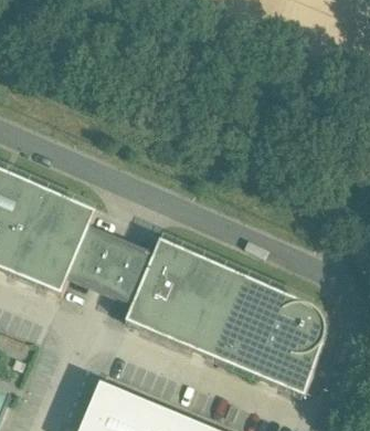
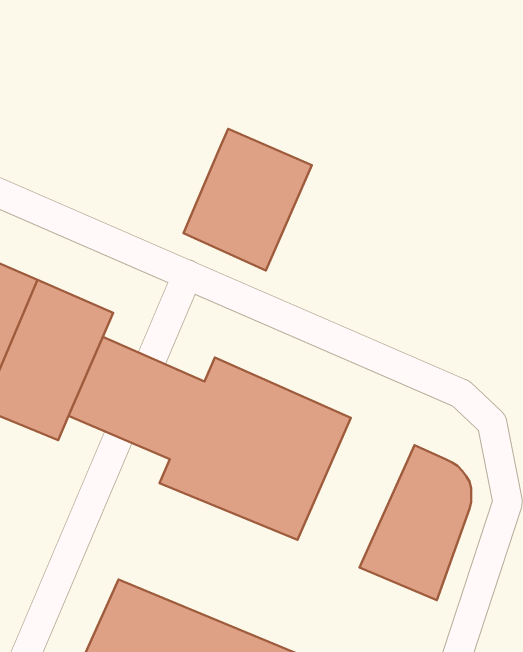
building: none -> [183,129,312,270]
building: [213,277,288,374] -> none

